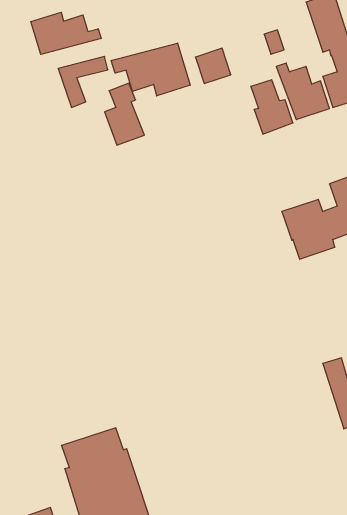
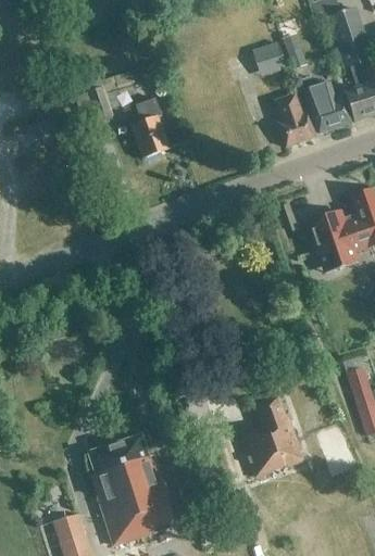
building: [31,12,101,54] -> none
building: [111,43,190,96] -> none
building: [195,48,231,84] -> [251,41,286,76]
building: none -> [240,396,304,476]

